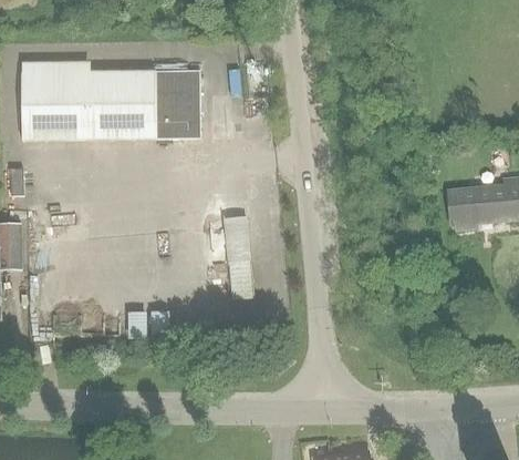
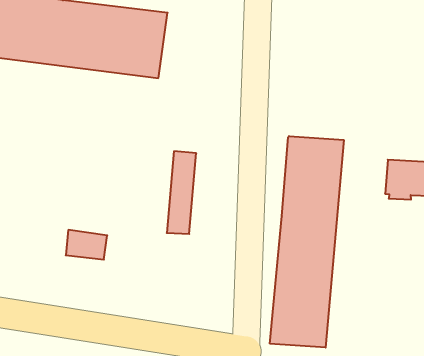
building: none -> [270,136,344,348]

